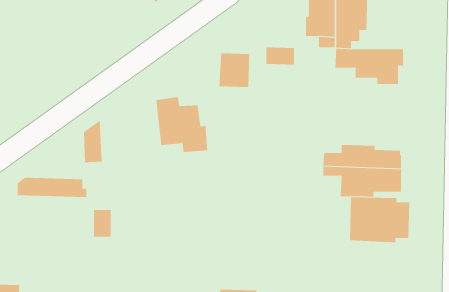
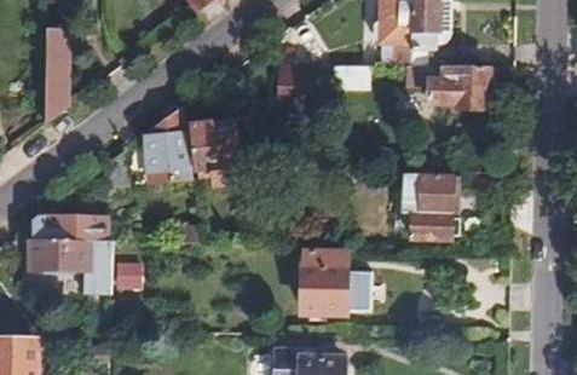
building: none -> [44,17,71,125]
building: none -> [146,106,194,194]
building: none -> [30,238,114,272]
building: [349,197,410,243] -> [294,254,367,308]

